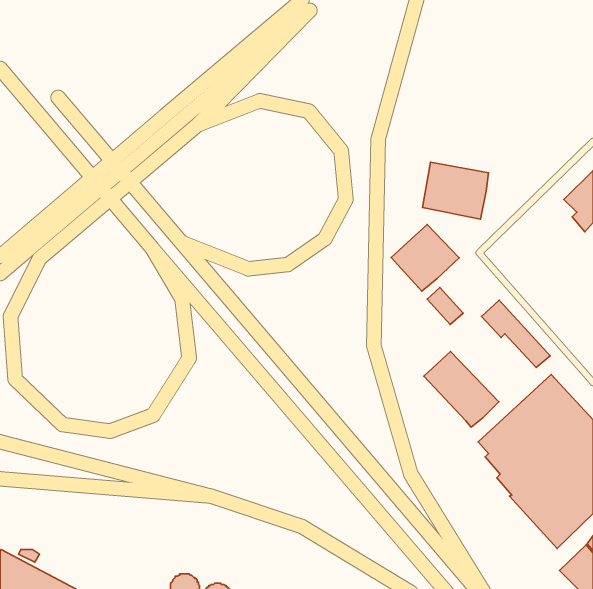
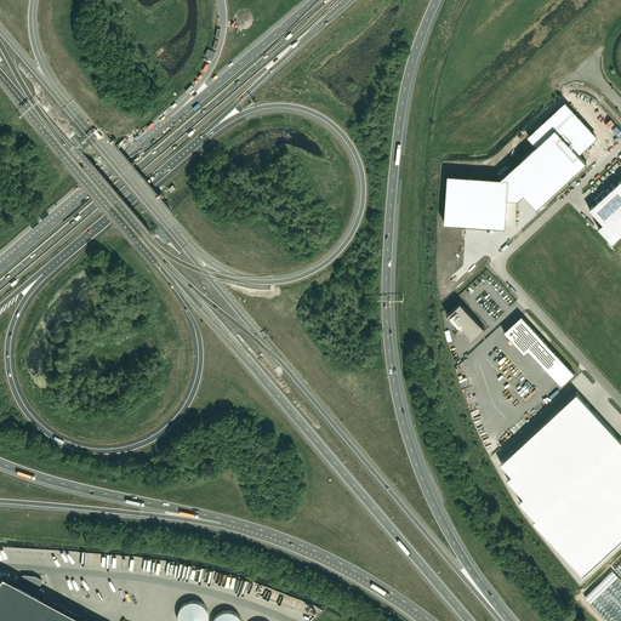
building: none -> [503,109,598,215]
building: [391,225,459,291] -> none
building: [424,351,499,427] -> none

